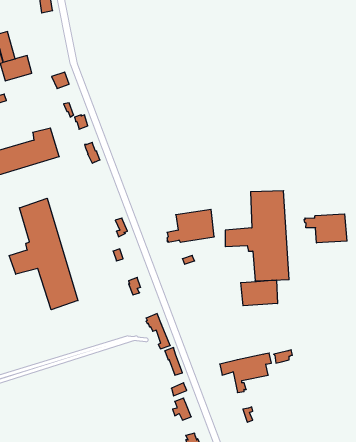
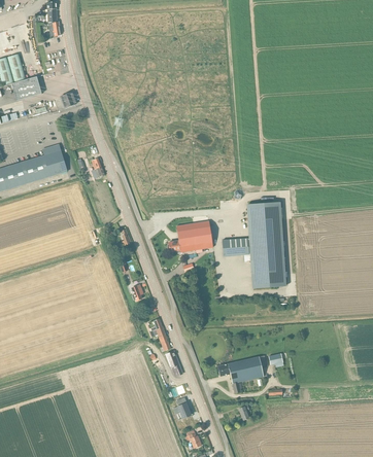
building: [9,198,78,310] -> none
building: [304,214,347,243] -> none
building: [241,280,277,306] -> none

